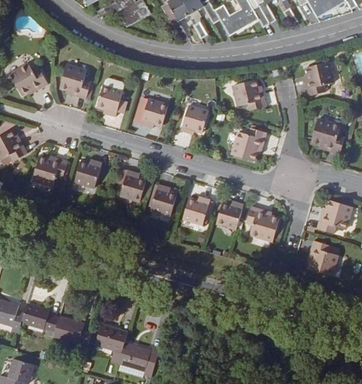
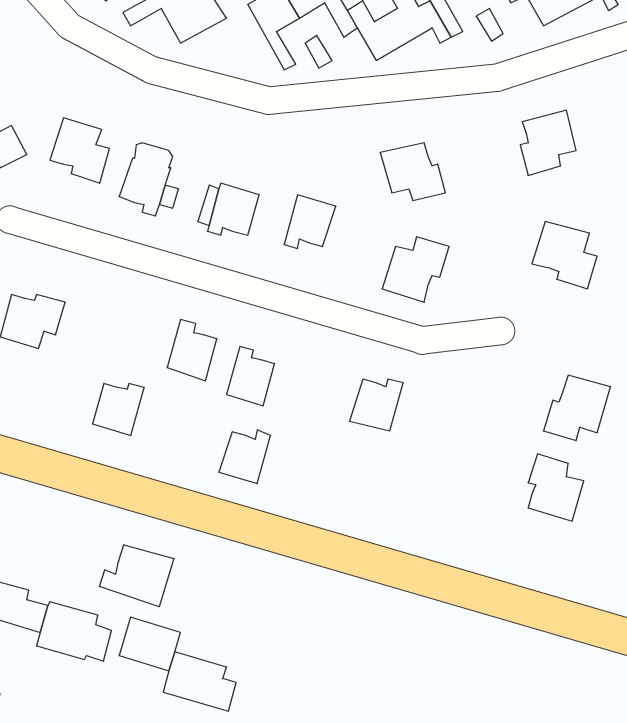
building: [75,161,102,188] -> [92,384,144,435]
building: [183,196,210,224] -> [219,430,271,484]
building: [246,205,280,240] -> none
building: none -> [99,545,174,607]

